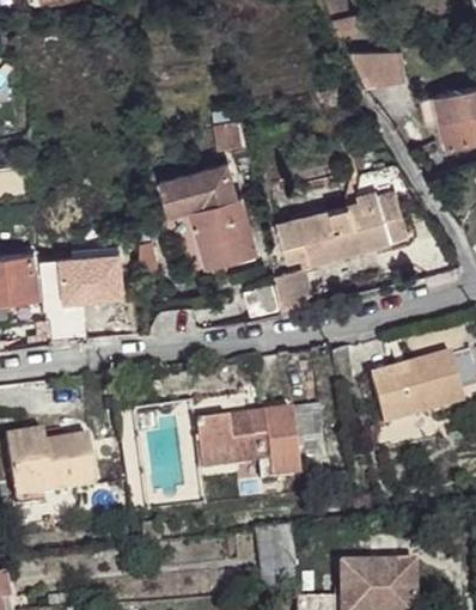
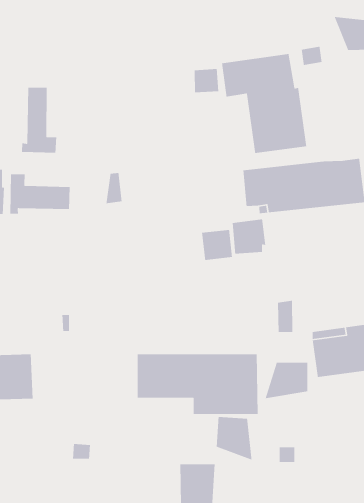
building: [159,160,258,268] -> [221,53,307,154]
building: none -> [21,87,57,153]
building: none -> [265,362,308,399]
building: none -> [216,416,252,461]

